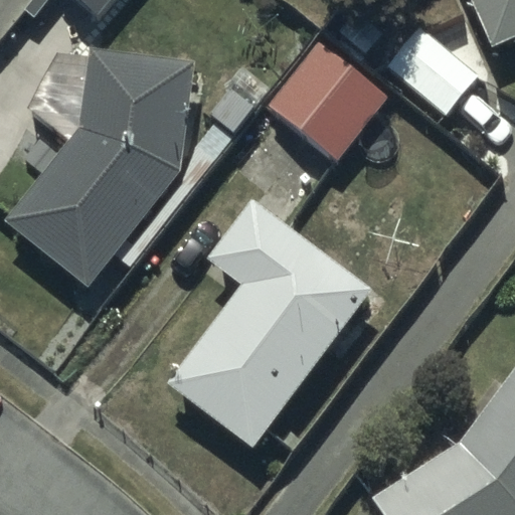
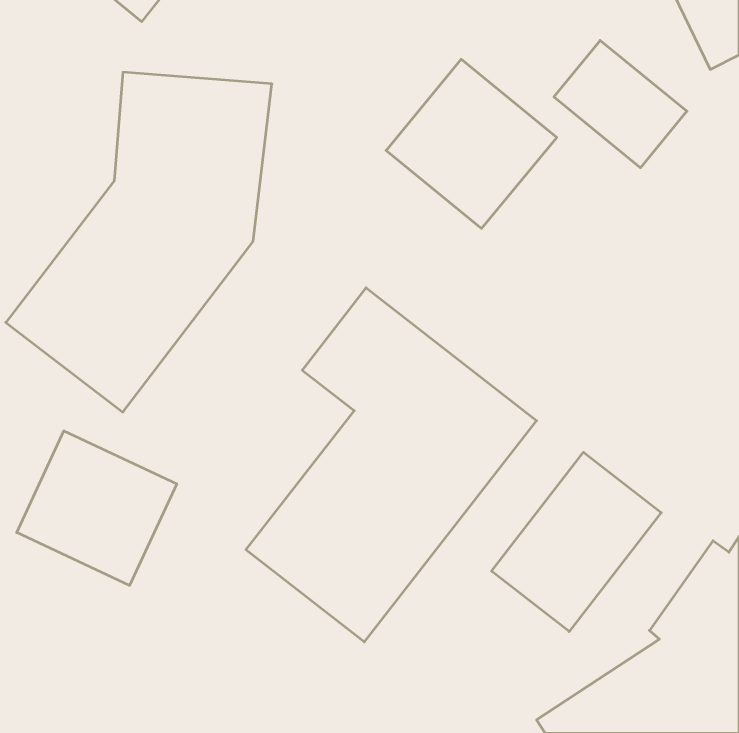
building: none -> [17,431,177,585]
building: none -> [492,452,661,632]

